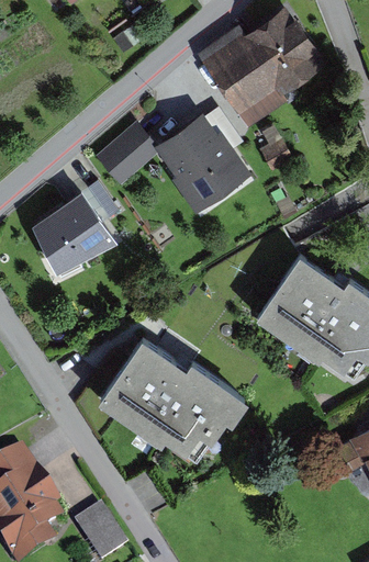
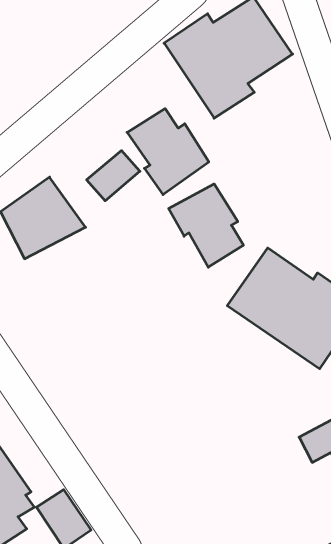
building: [102,127,156,178] -> [87,151,140,201]
building: none -> [169,184,243,267]
building: [102,341,248,464] -> none

